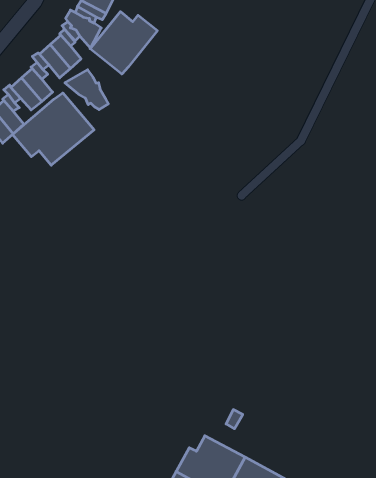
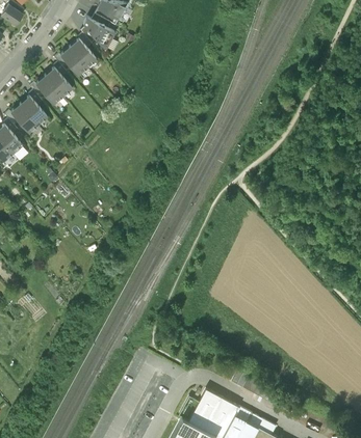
building: [90,12,157,74] -> none
building: [65,70,108,110] -> none
building: [12,93,94,165] -> none

